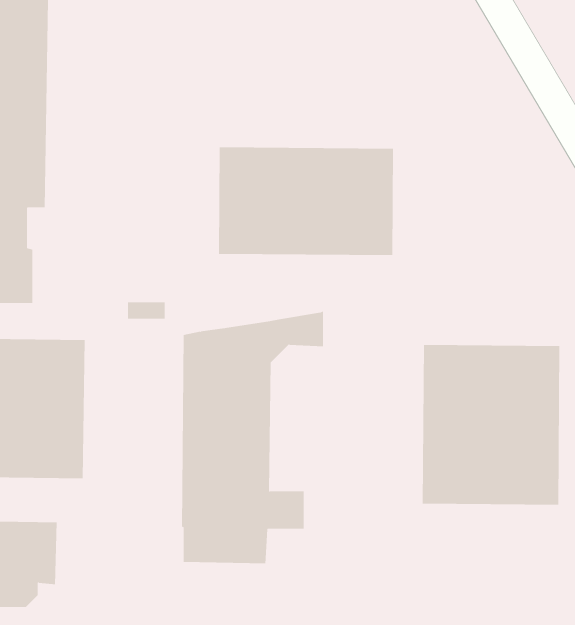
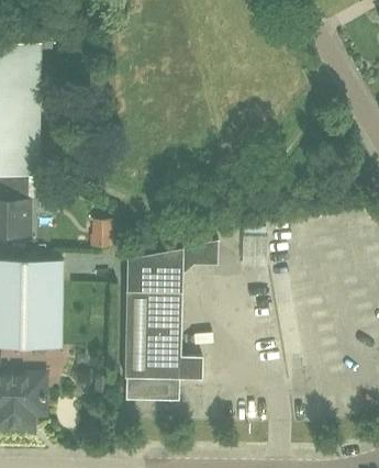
building: [218,147,394,256] -> none
building: [422,344,560,506] -> none

